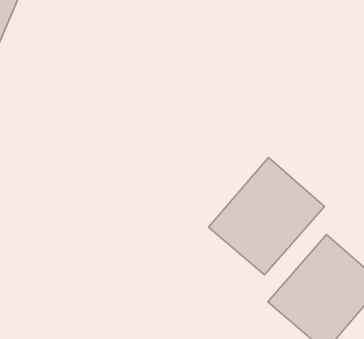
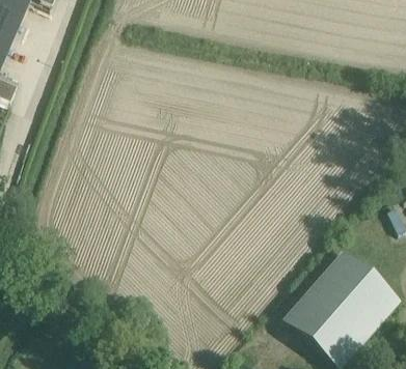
building: [208,158,325,275] -> none

